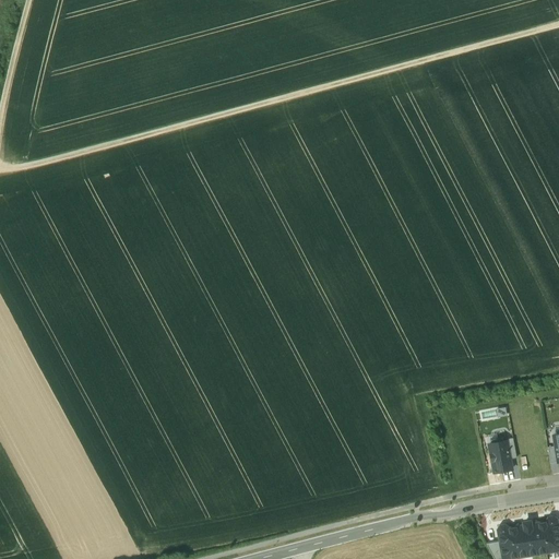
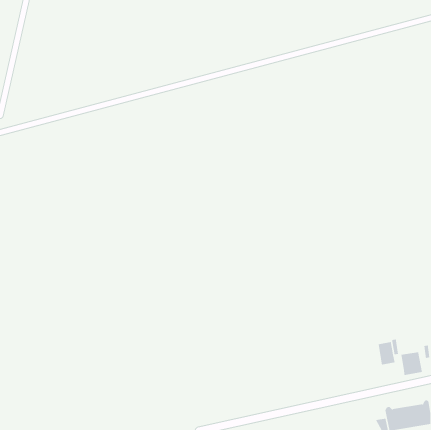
building: none -> [401,351,423,376]

